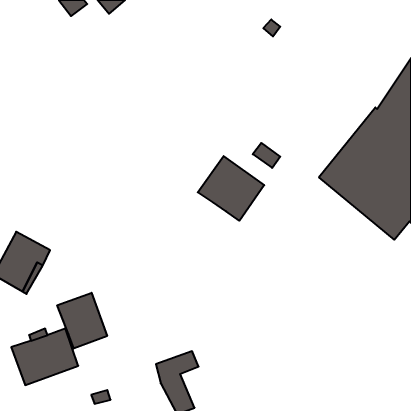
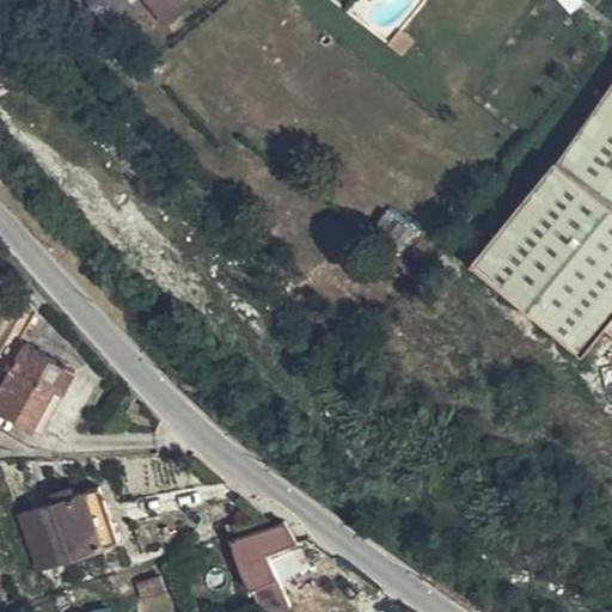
building: [198,156,264,221] -> none
building: [57,293,107,349] -> none

